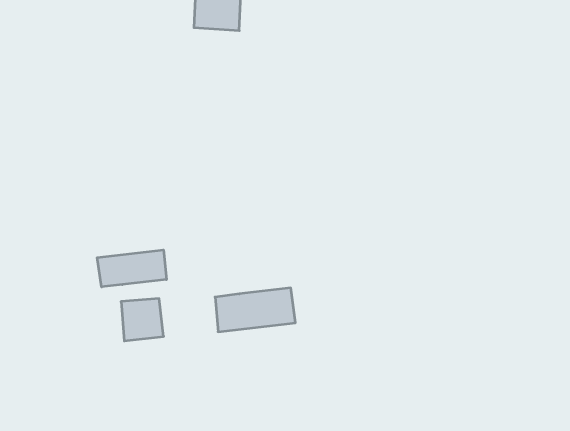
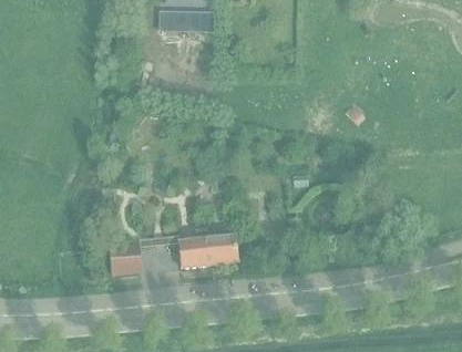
building: [97,250,166,287] -> none

